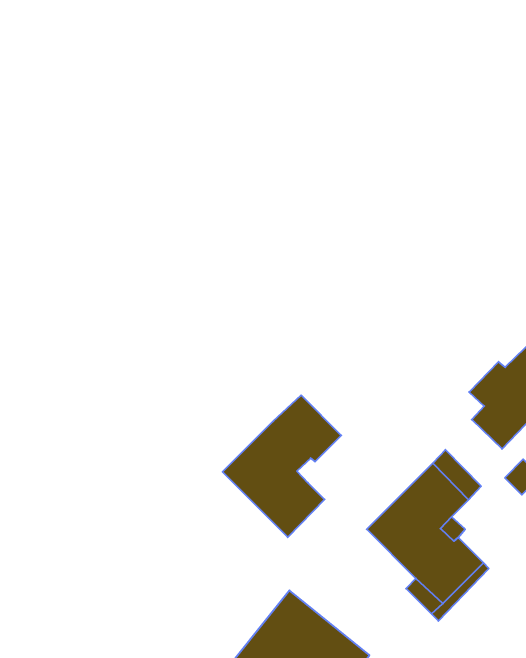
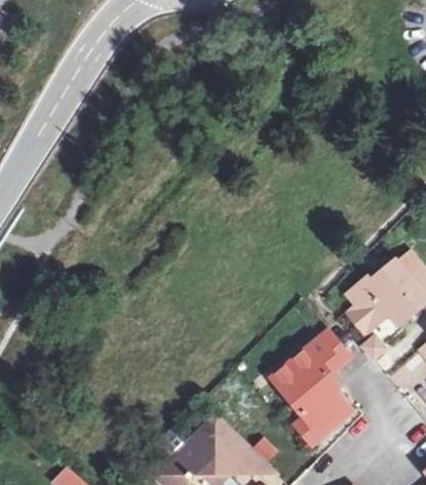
building: [223,395,341,537] -> none

